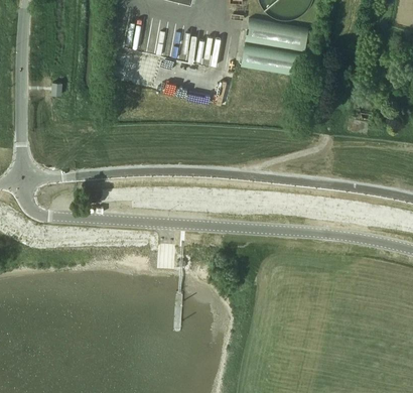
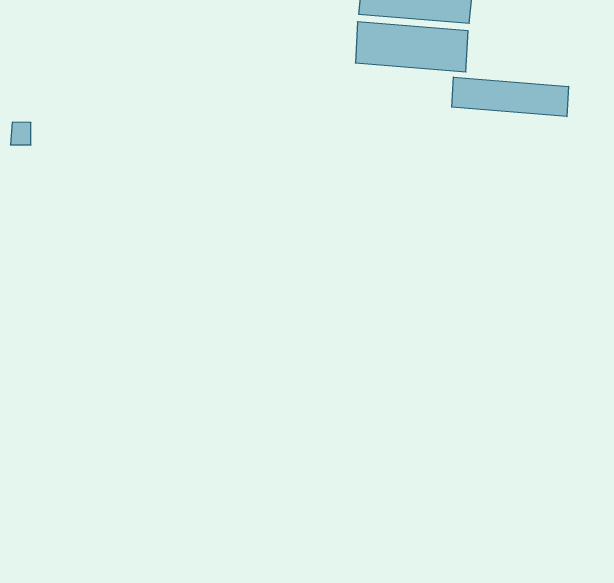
building: none -> [452,77,569,117]

